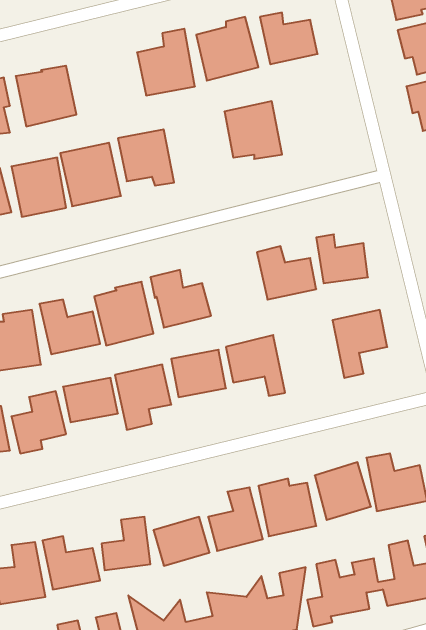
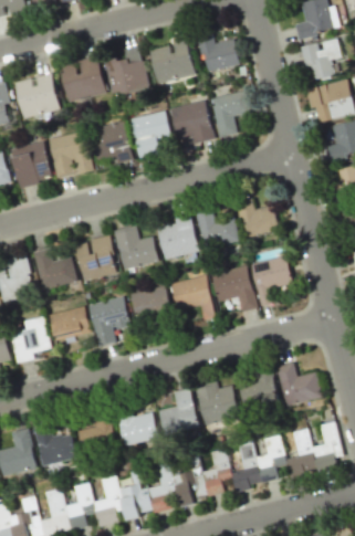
building: none -> [60,55,106,102]
building: none -> [210,90,252,137]
building: none -> [130,112,170,157]
building: none -> [157,212,199,259]
building: none -> [212,266,255,311]

